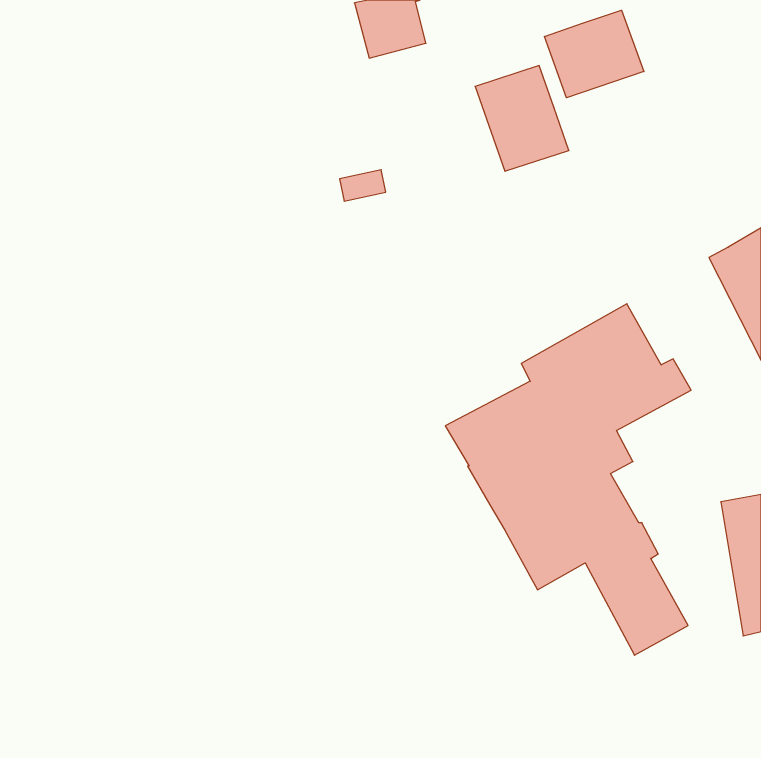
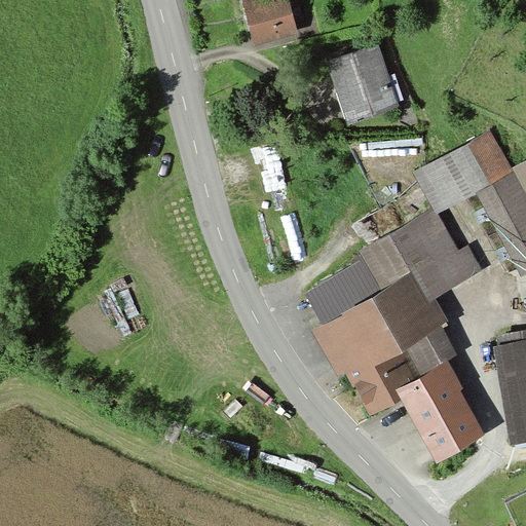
building: [544,10,644,98] -> none
building: none -> [417,138,502,210]

